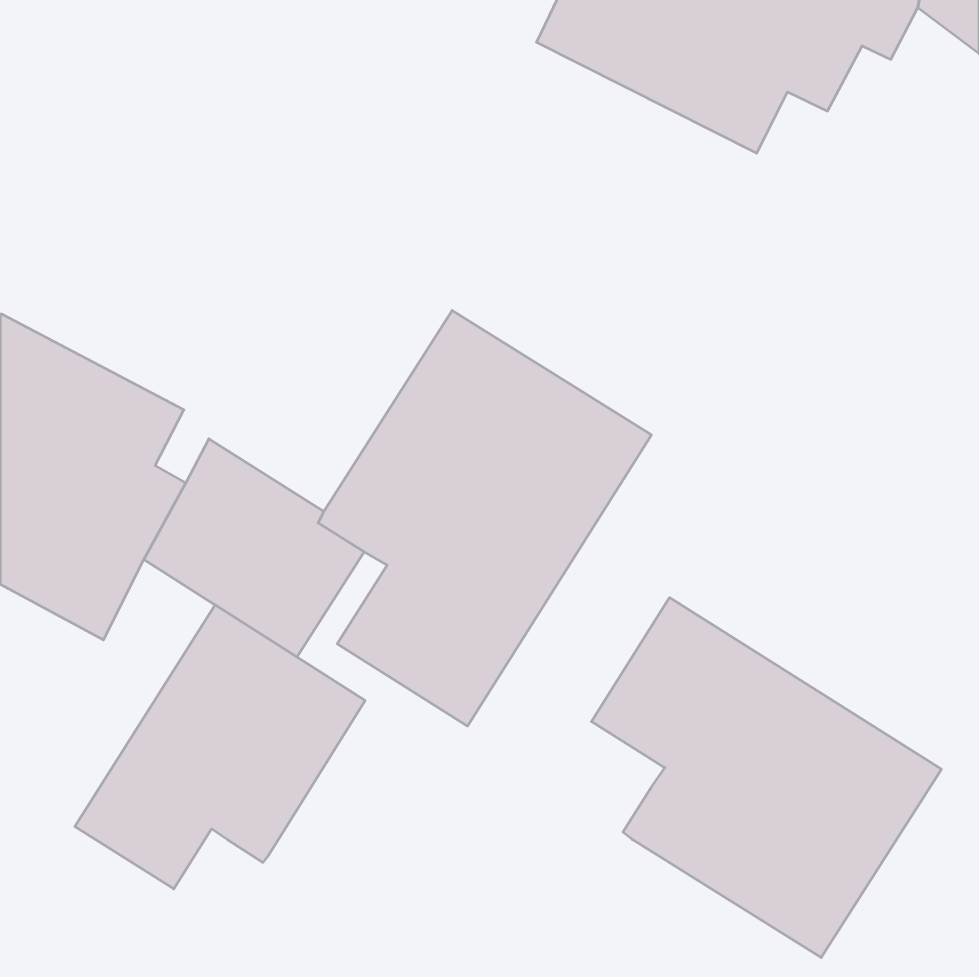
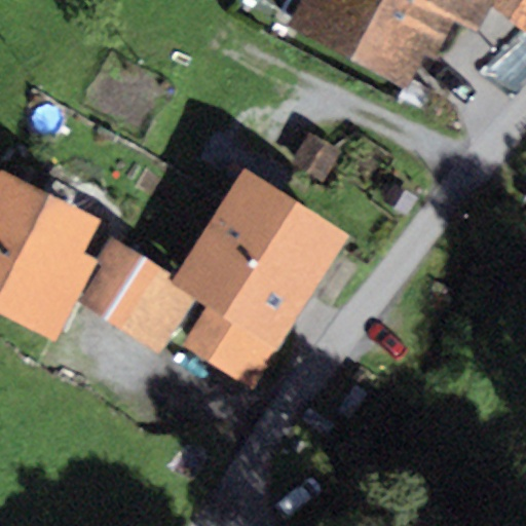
building: [591,598,941,958] -> none
building: [75,605,365,889] -> none

